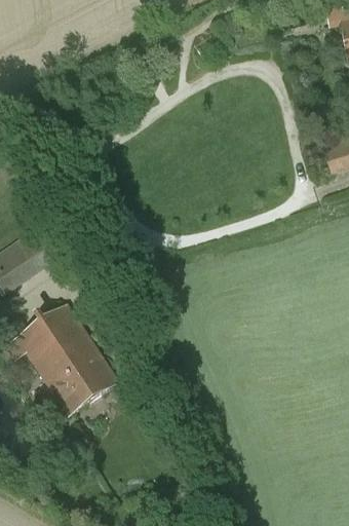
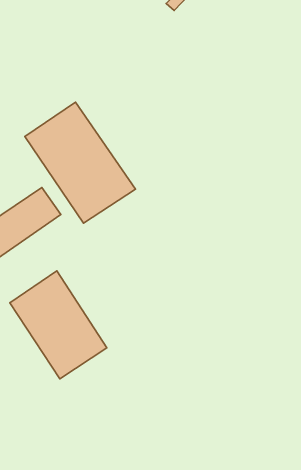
building: none -> [25,102,135,223]

